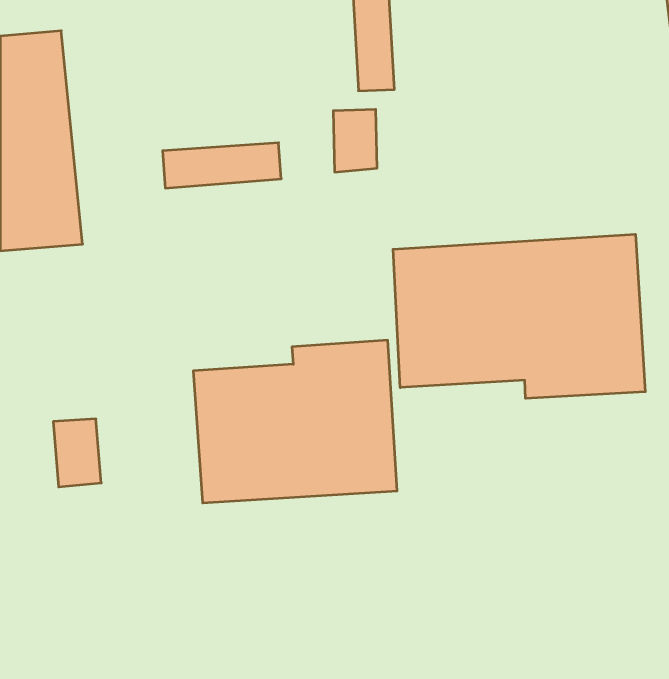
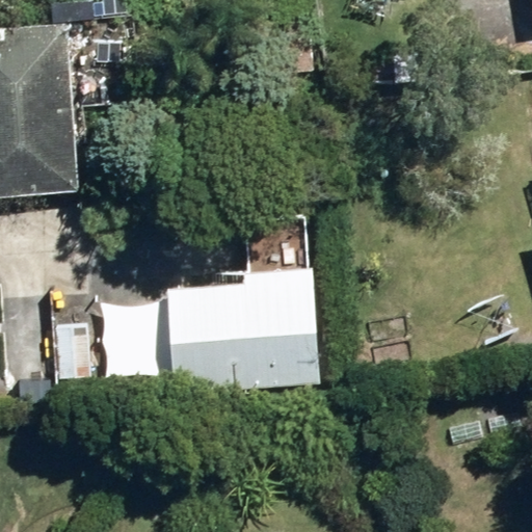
building: [393,234,645,398] -> none

